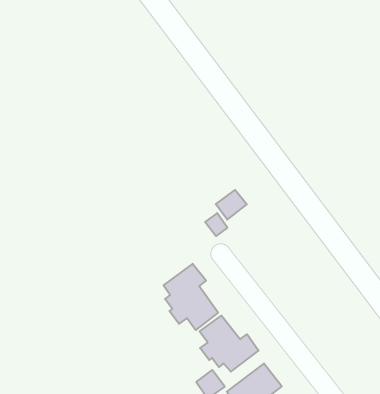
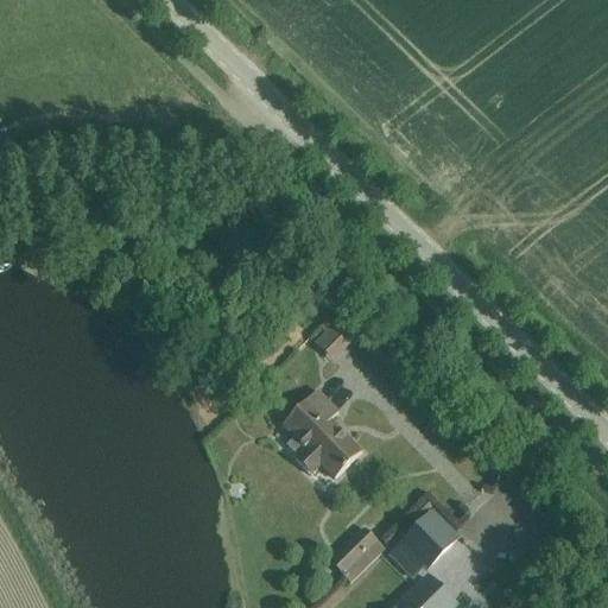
building: [216,190,247,220] -> none
building: [200,316,259,372] -> none

